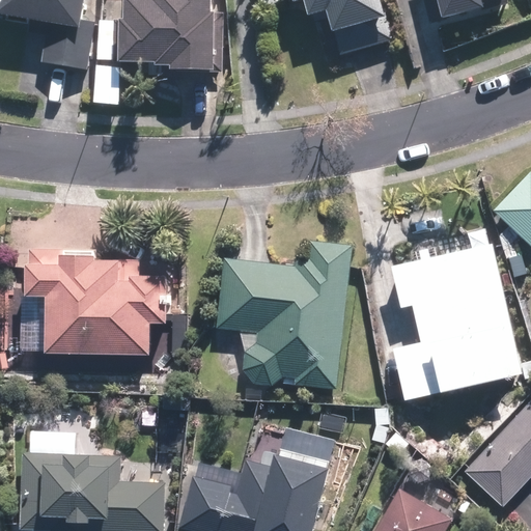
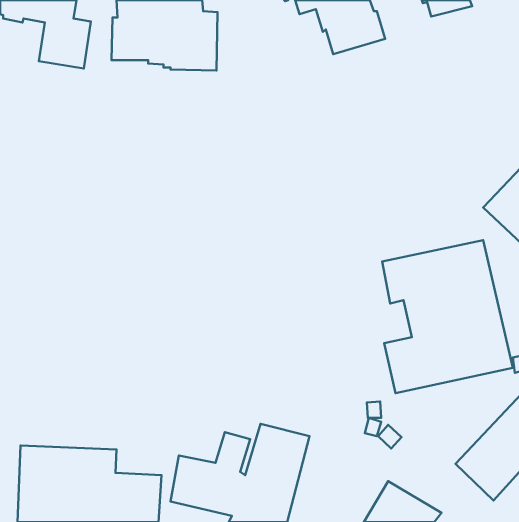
building: [217,239,354,389] -> none
building: [23,248,165,356] -> none

